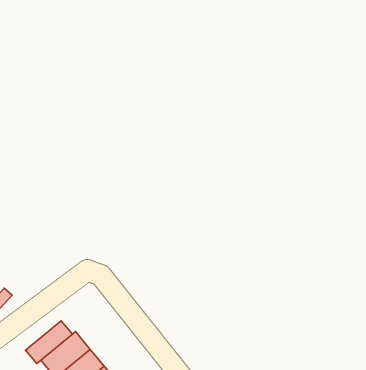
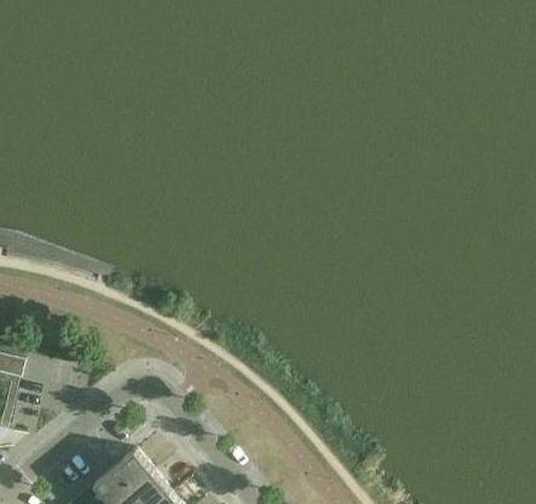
building: [26,321,72,364] -> none

